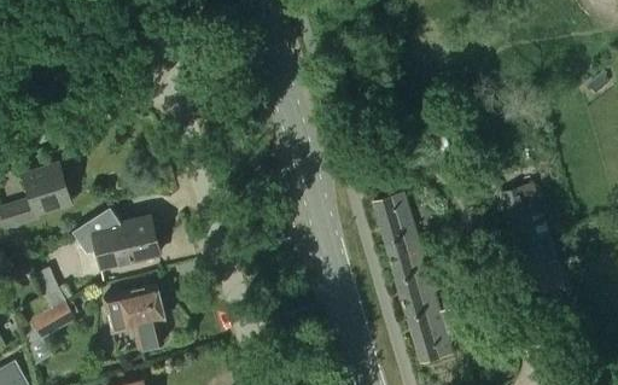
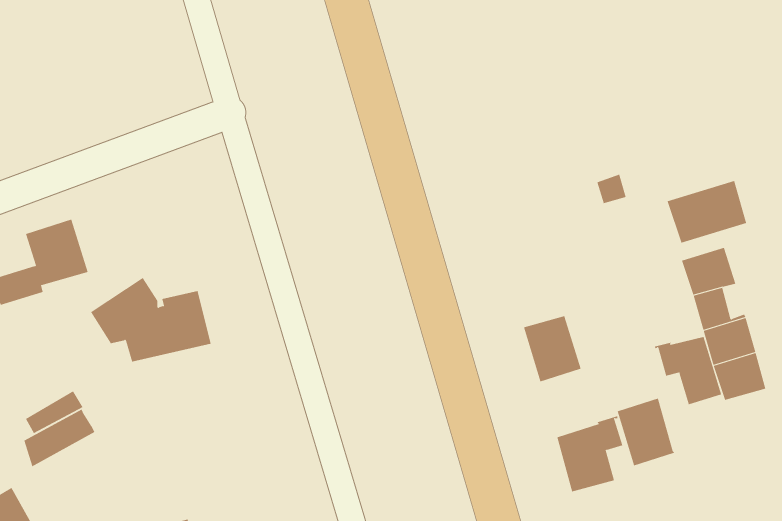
building: none -> [667,180,747,243]
building: [373,193,415,243] -> none
building: none -> [654,336,722,405]
building: [397,273,439,322] -> [617,398,675,466]
building: [104,285,165,349] -> none

